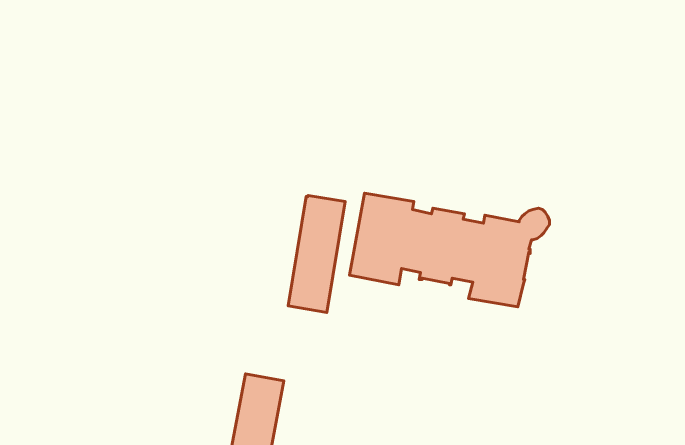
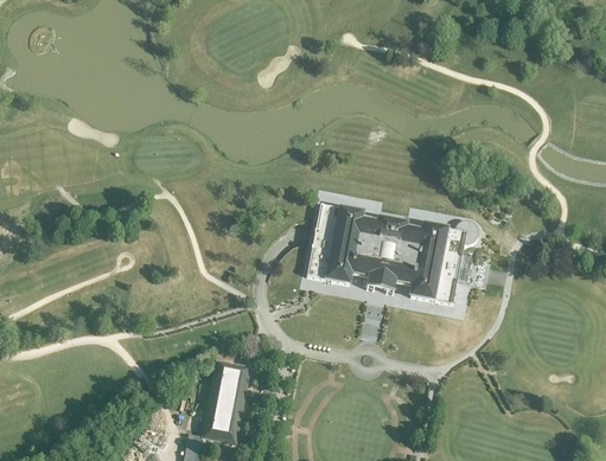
building: [288,195,345,312] -> none

